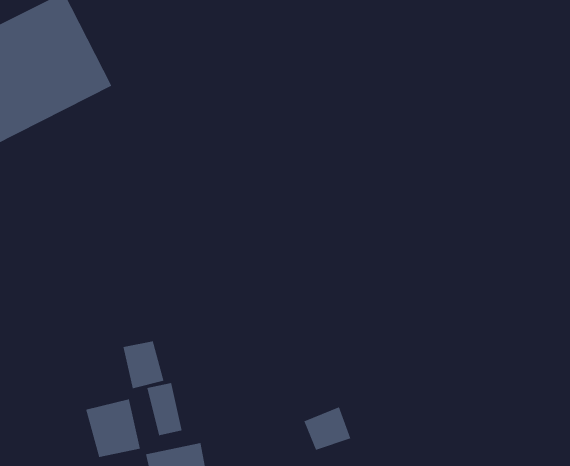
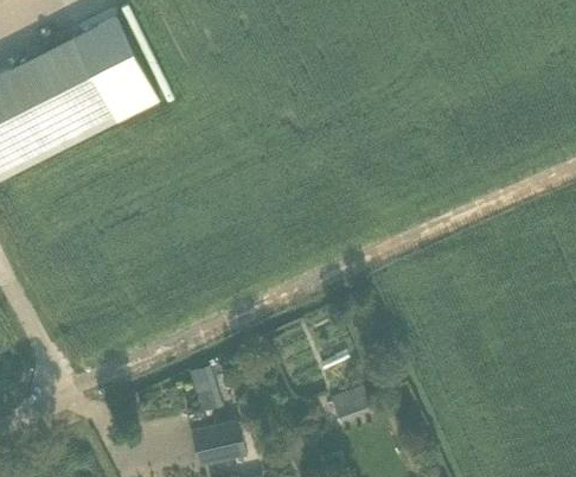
building: [123,340,164,389] -> none
building: [86,399,140,458] -> none

